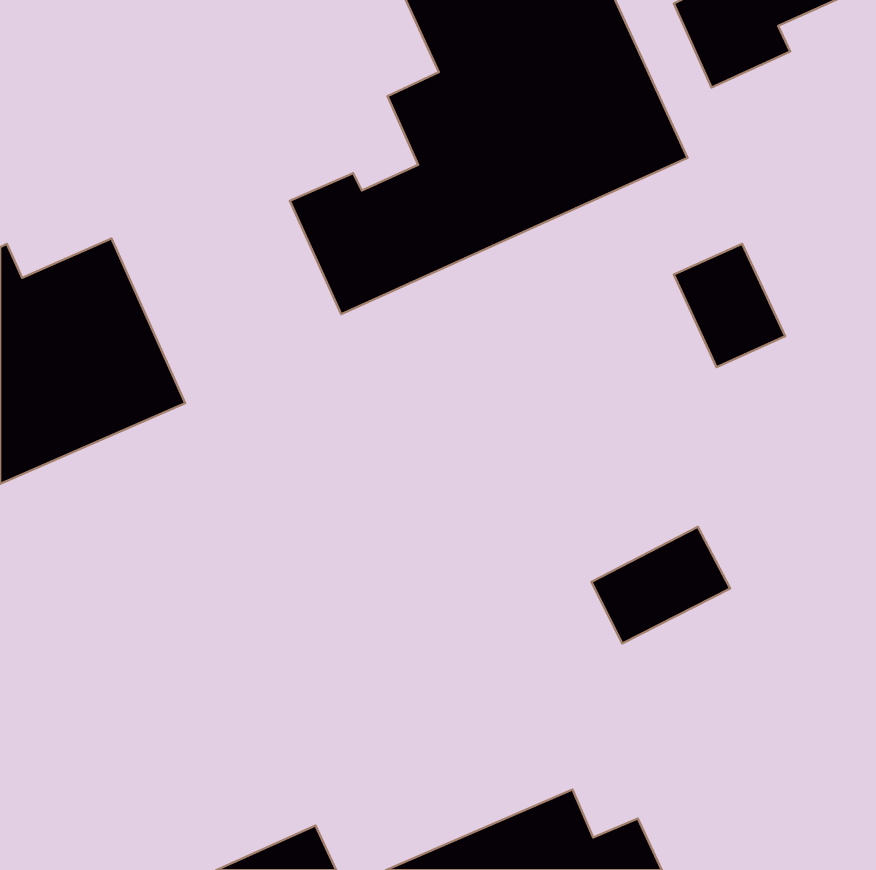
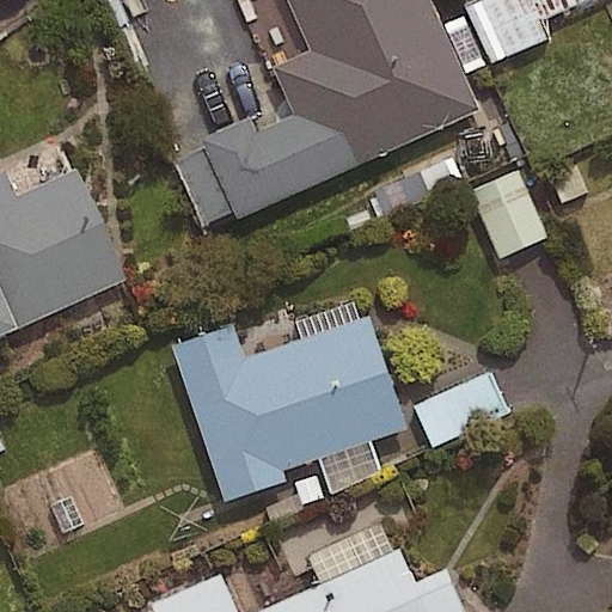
building: none -> [171,316,408,503]

